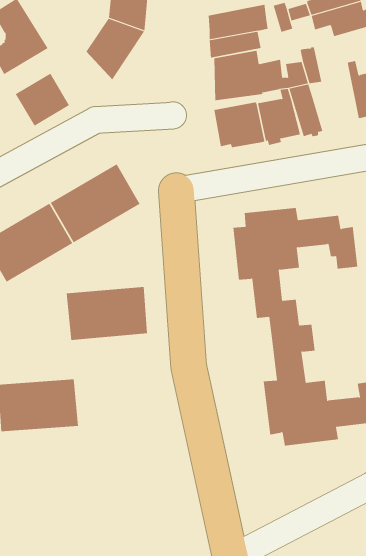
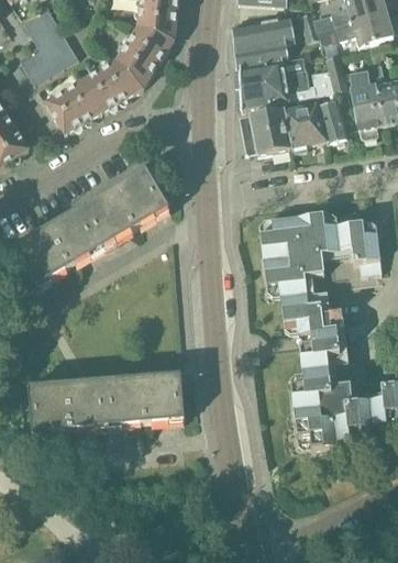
building: none -> [82,58,143,111]
building: none -> [349,69,384,137]
building: [66,287,148,340] -> [106,373,186,426]

